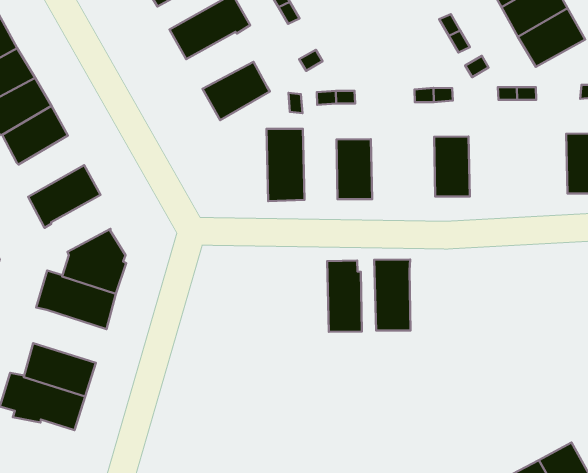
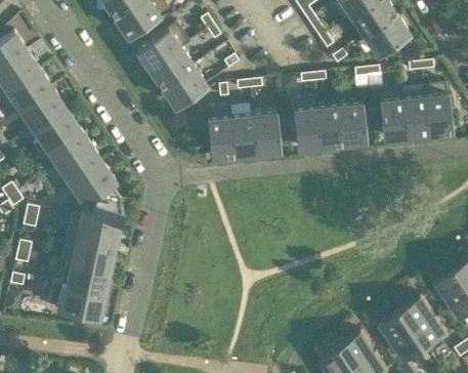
building: none -> [150,48,194,87]
building: none -> [378,89,406,138]
building: none -> [41,125,89,167]
building: none -> [338,101,365,142]
building: none -> [71,162,115,201]
building: [374,260,411,331] -> [292,98,320,147]
building: [327,260,362,332] -> [229,106,256,154]
building: none -> [61,239,113,272]

